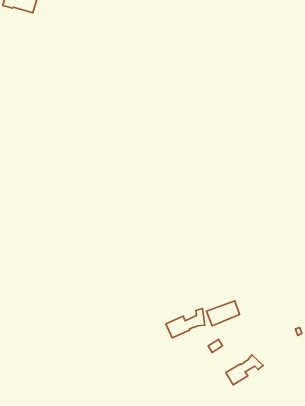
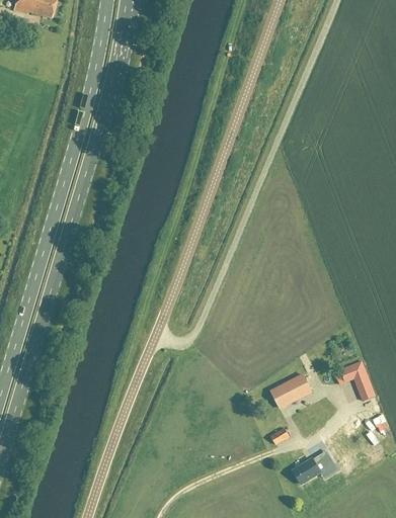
building: none -> [338,359,380,413]
building: [166,309,205,338] -> none

